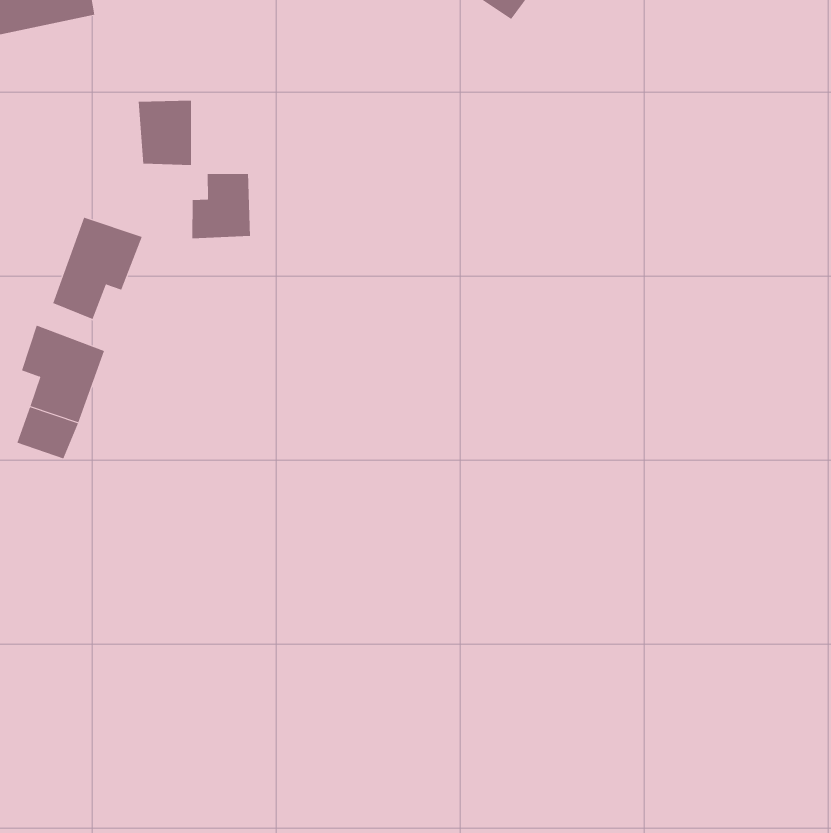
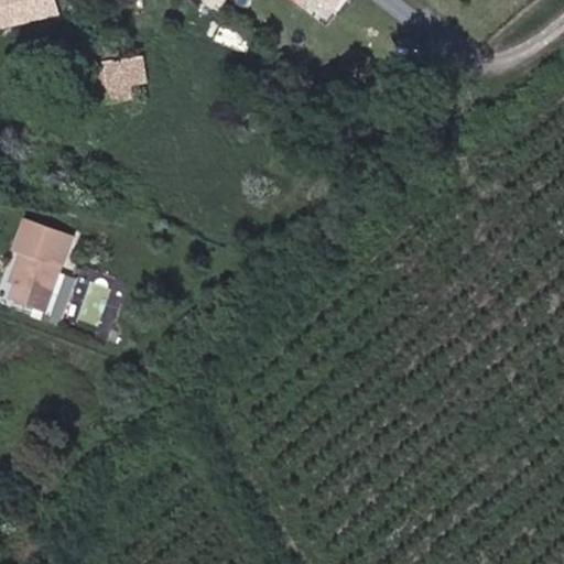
building: [192,173,250,239] -> none
building: [52,217,143,320] -> none

